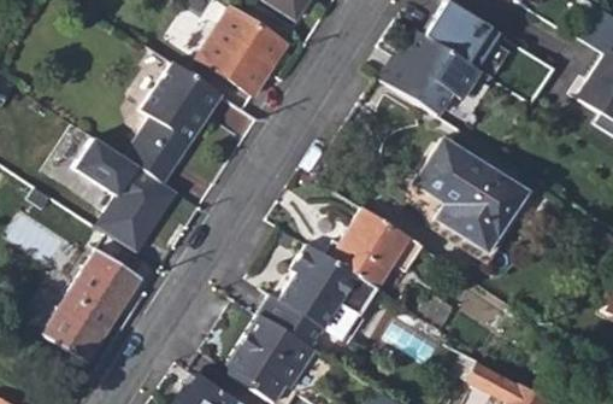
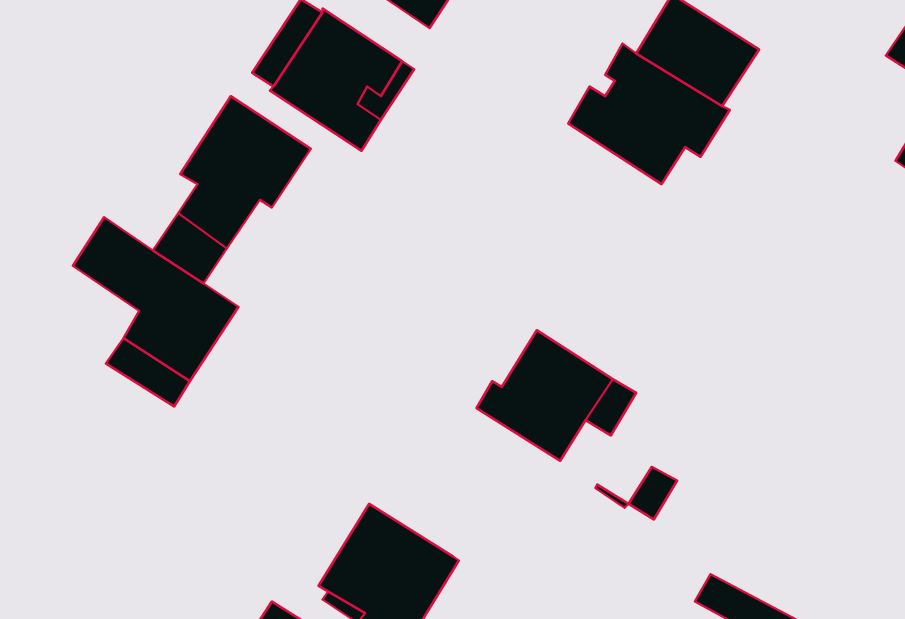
building: [405,136,525,251] -> none
building: [258,242,376,346] -> none
building: [42,248,142,362] -> none

